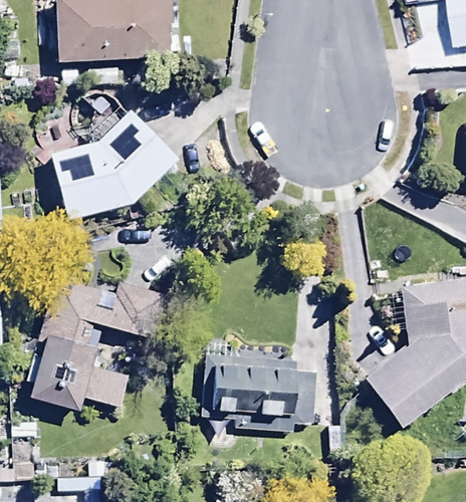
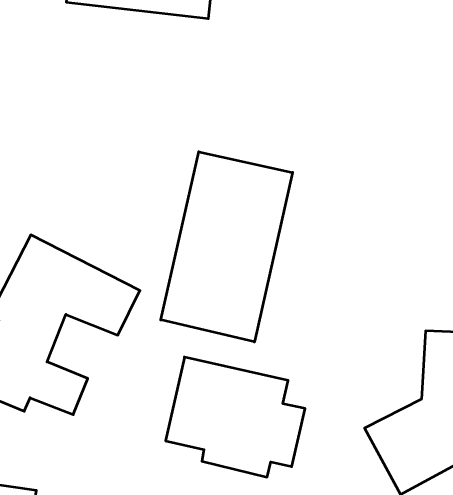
building: [50,111,180,220] -> none
building: none -> [161,152,293,342]

